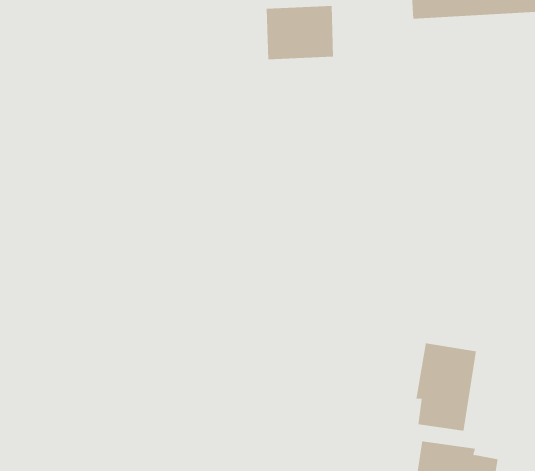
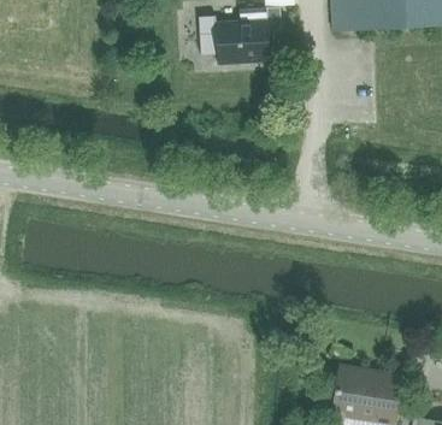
building: [416,342,477,431] -> none

